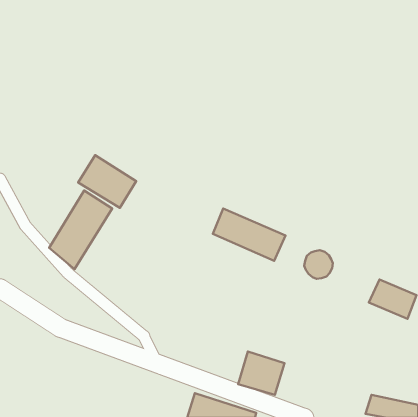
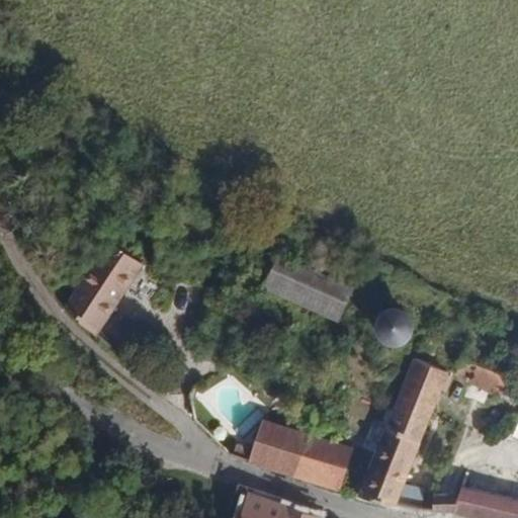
building: [78,155,136,208] -> none
building: none -> [356,353,453,508]
building: none -> [251,424,307,477]

